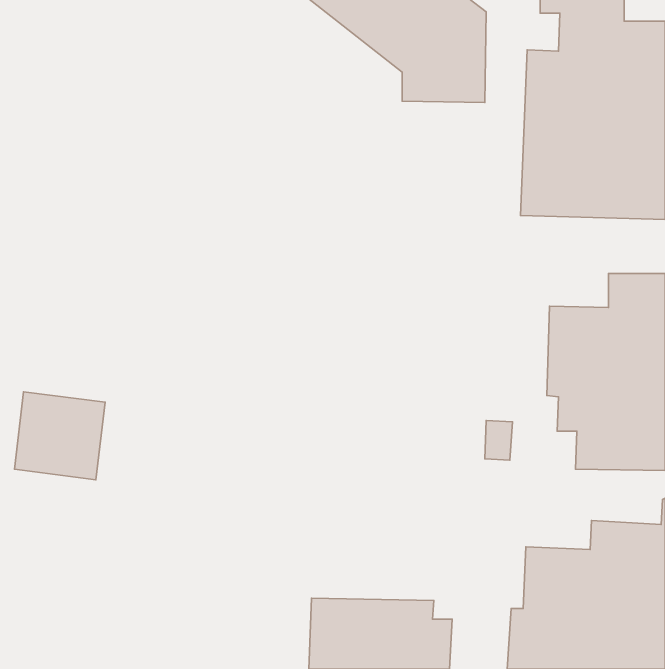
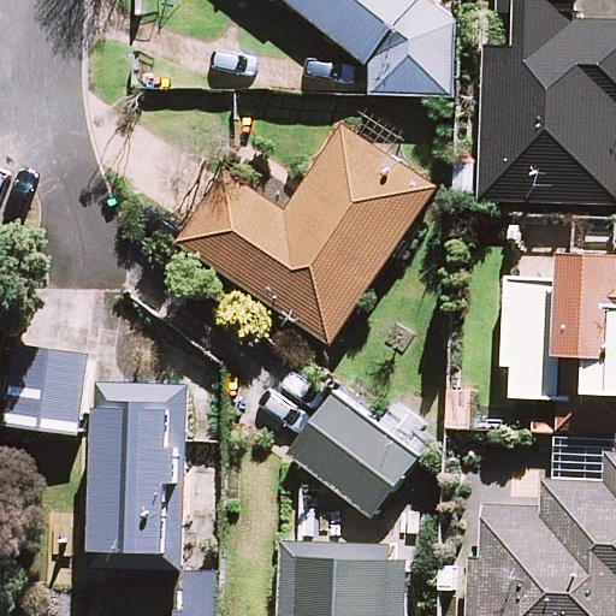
building: none -> [179,125,432,342]
building: none -> [100,390,195,580]
building: none -> [296,398,426,523]

